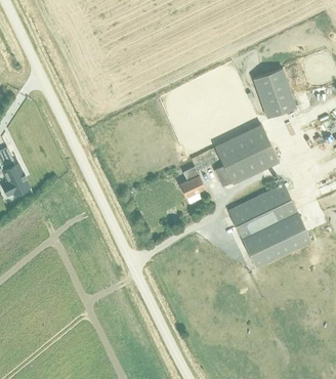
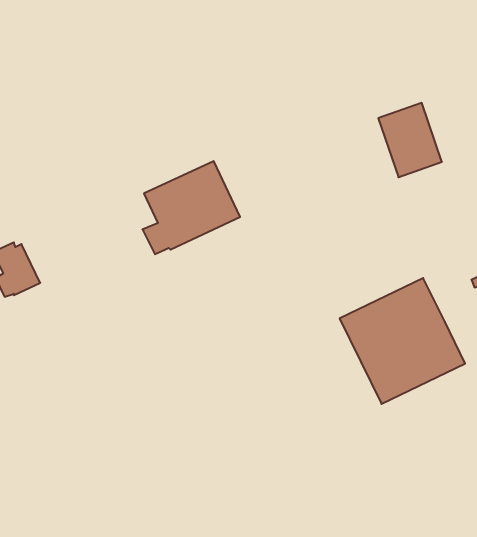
building: [214,125,279,186] -> [142,161,240,254]
building: [180,167,205,198] -> none

